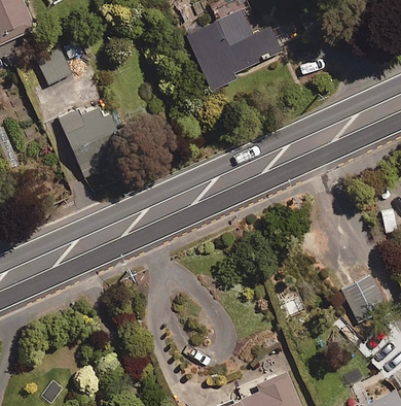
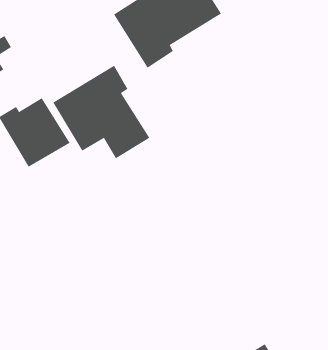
building: none -> [53,65,150,159]

